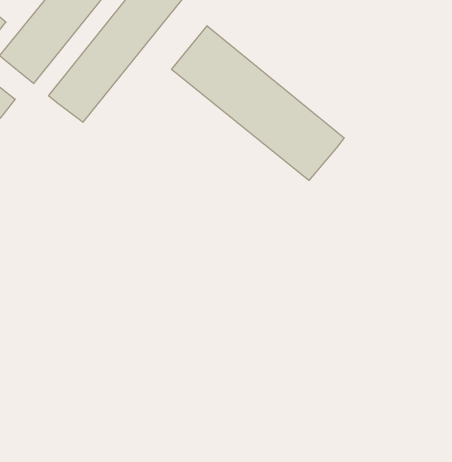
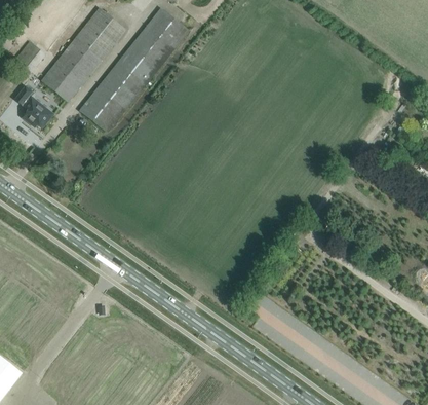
building: [172,26,344,180] -> none

